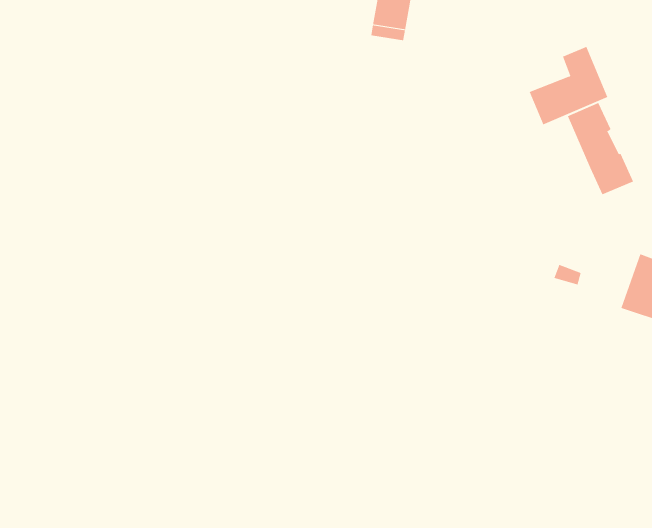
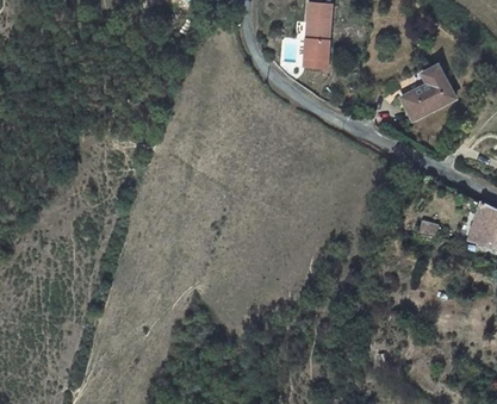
building: [567,102,634,195] -> none

